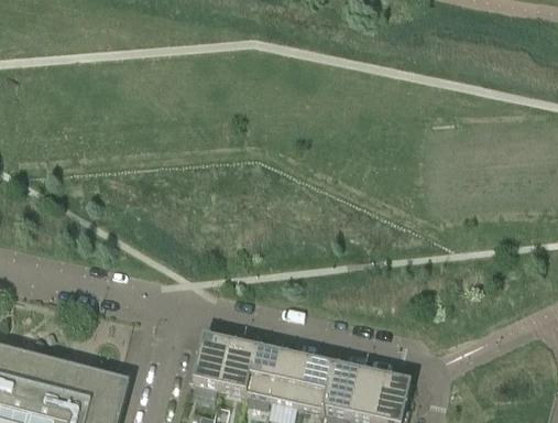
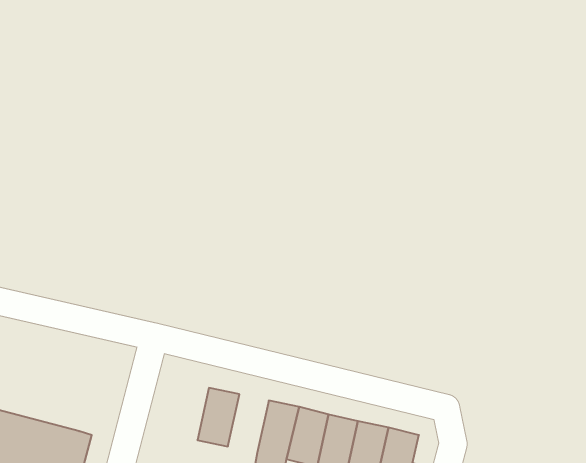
building: [189,334,229,386] -> none
building: [245,346,281,397] -> none

